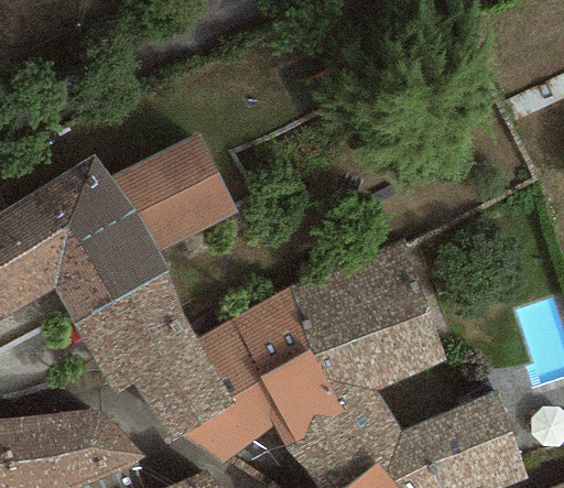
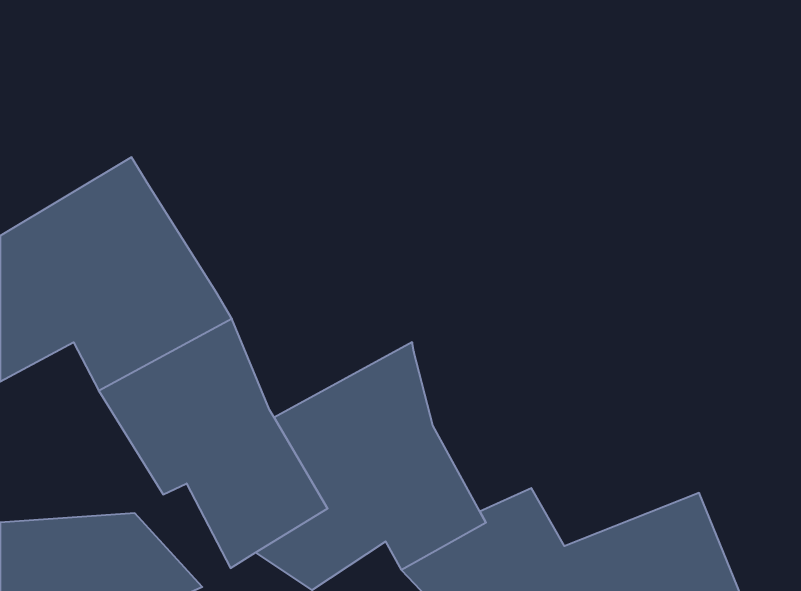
building: [105,134,236,253] -> none
building: [290,241,441,408] -> none

